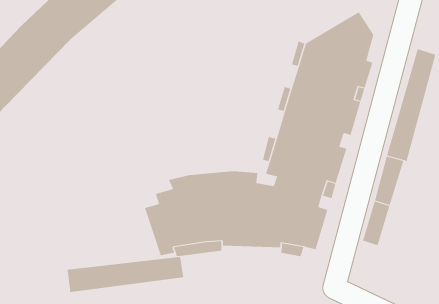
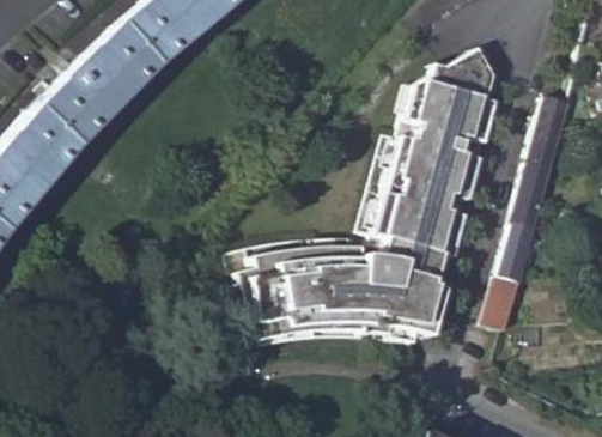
building: [67,256,184,293] -> none

